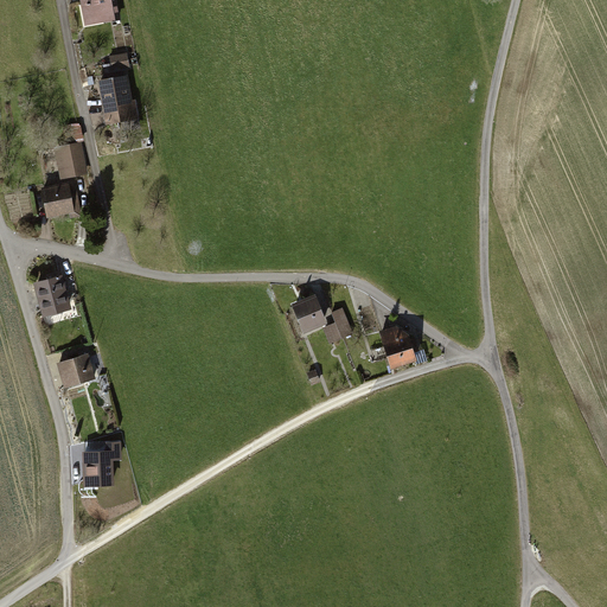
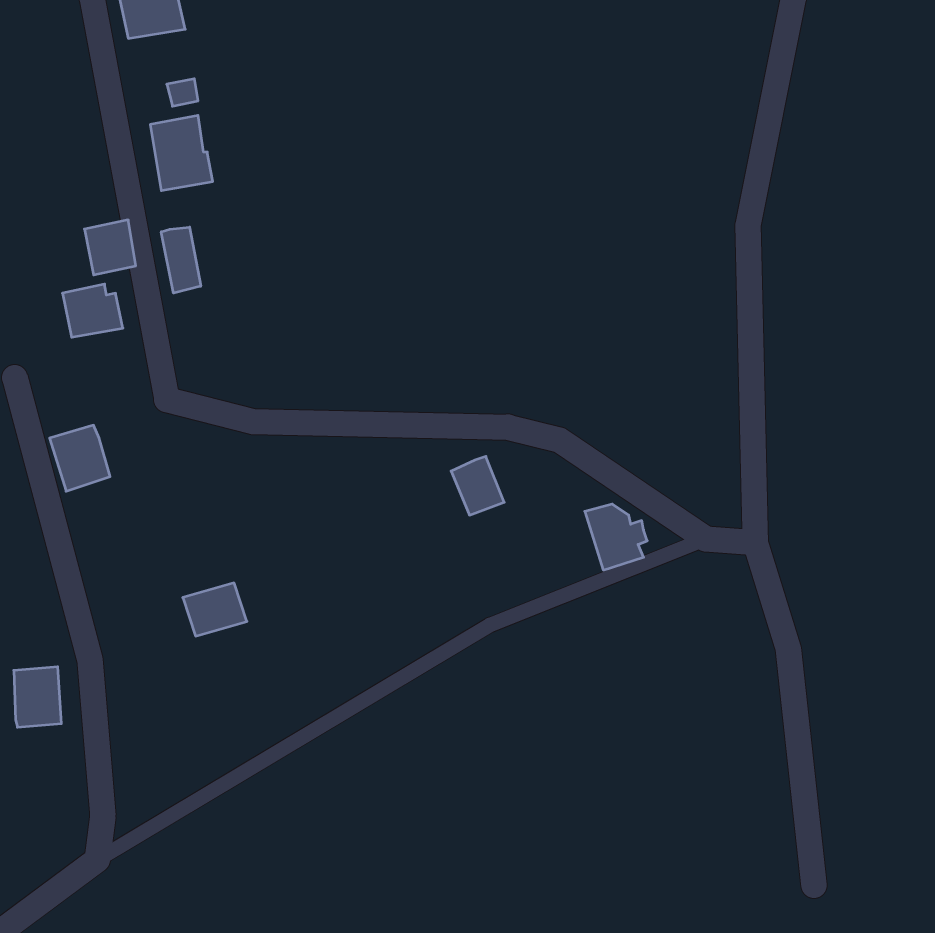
building: none -> [161,227,201,293]
building: [322,307,352,341] -> none
building: [56,354,97,389] -> [183,583,247,636]
building: [82,442,113,481] -> [14,667,61,727]

